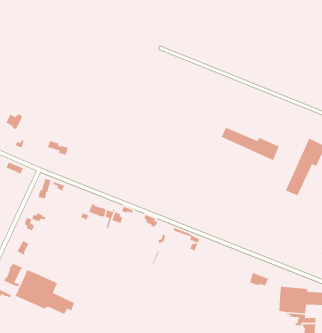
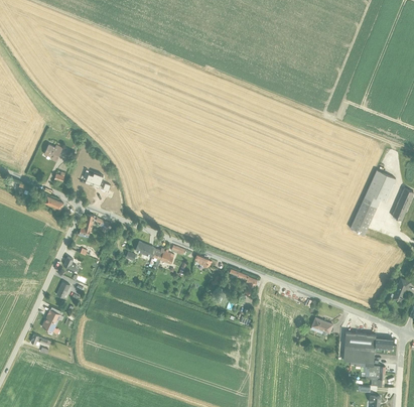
building: [220,127,280,161] -> none
building: [14,269,75,315] -> none

